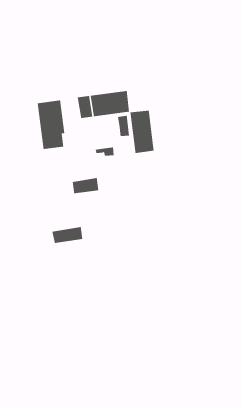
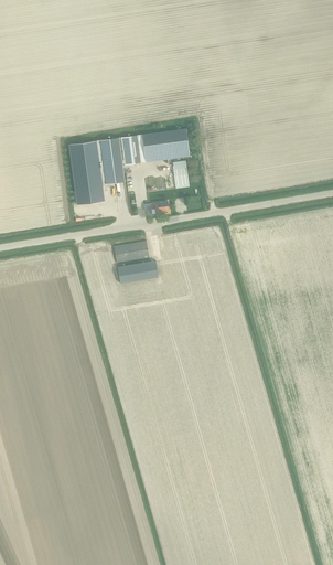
building: none -> [99,137,125,183]
building: [130,110,154,154] -> none
building: [52,227,83,244] -> [117,260,158,282]

